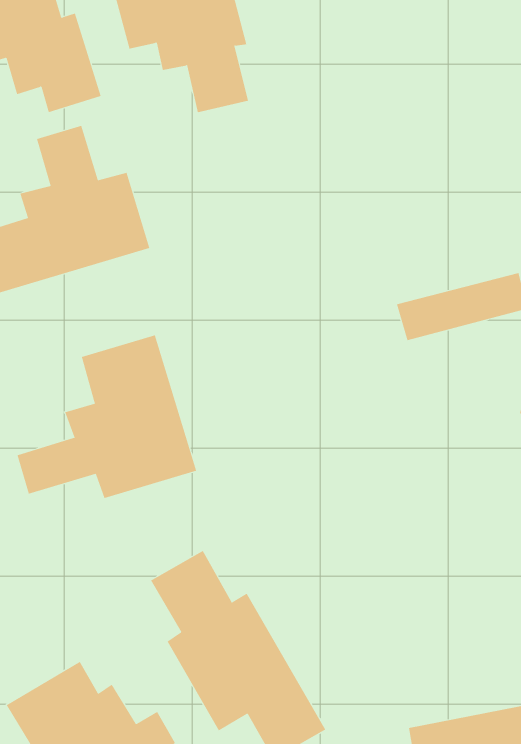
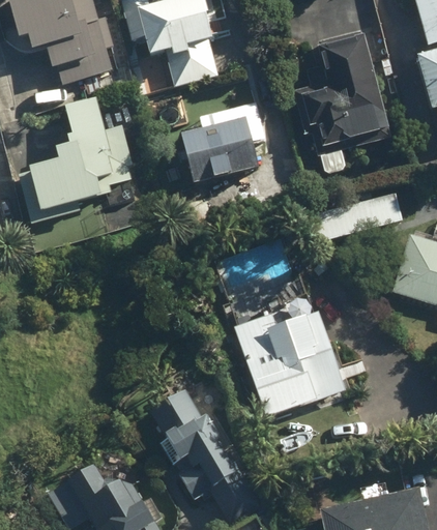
building: none -> [302,30,384,143]
building: none -> [182,102,266,185]
building: [17,334,197,499] -> none
building: none -> [235,310,346,416]

